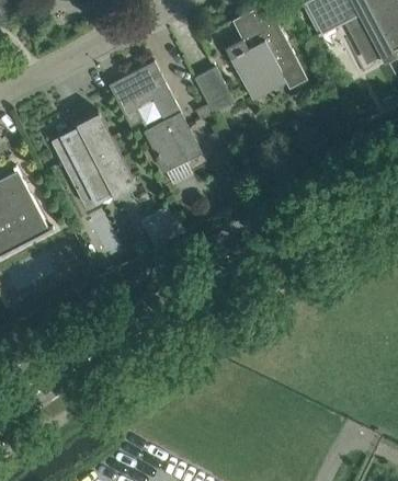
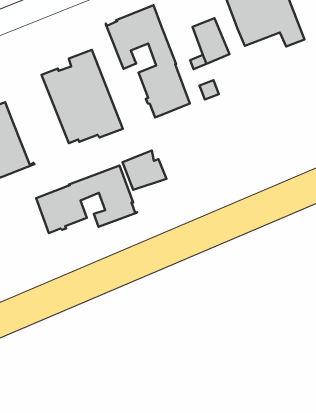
building: none -> [36,165,137,233]

